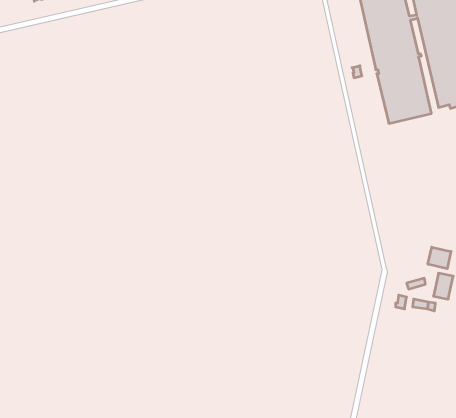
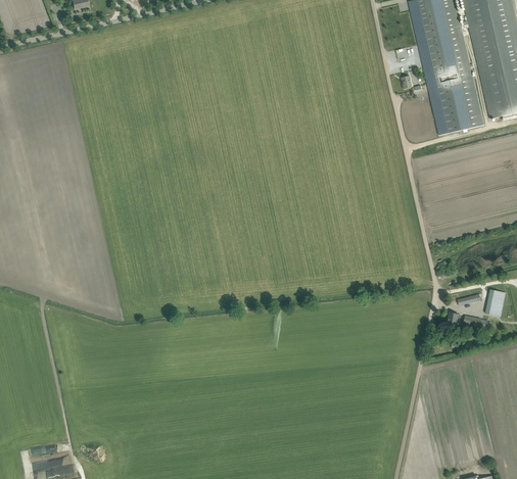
building: [428,247,451,269] -> none

